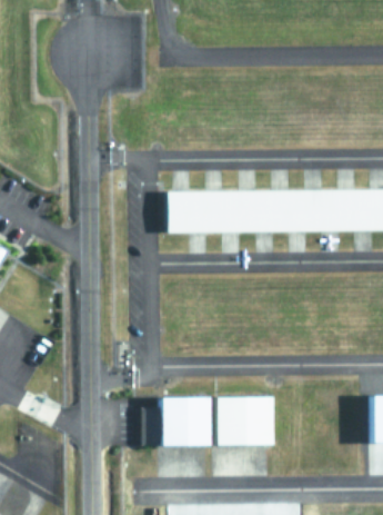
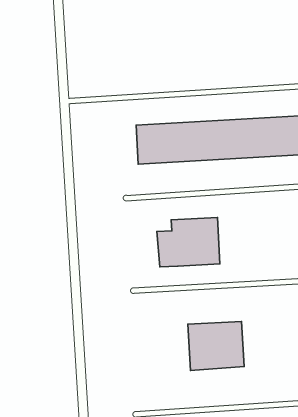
building: [142,398,205,446] -> [157,217,220,267]

